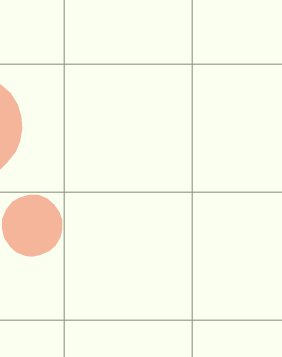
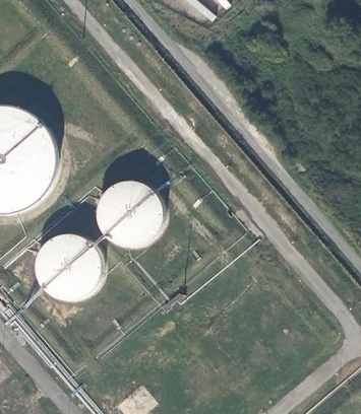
building: none -> [99,181,163,246]

